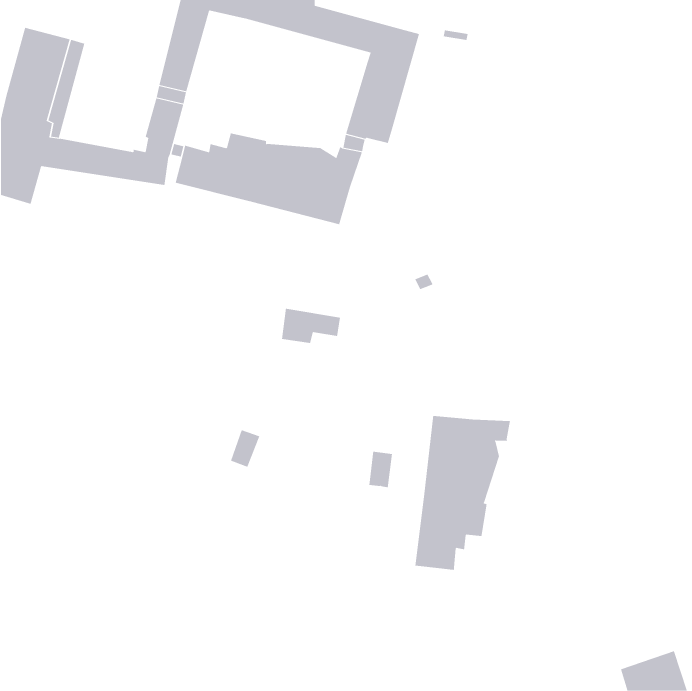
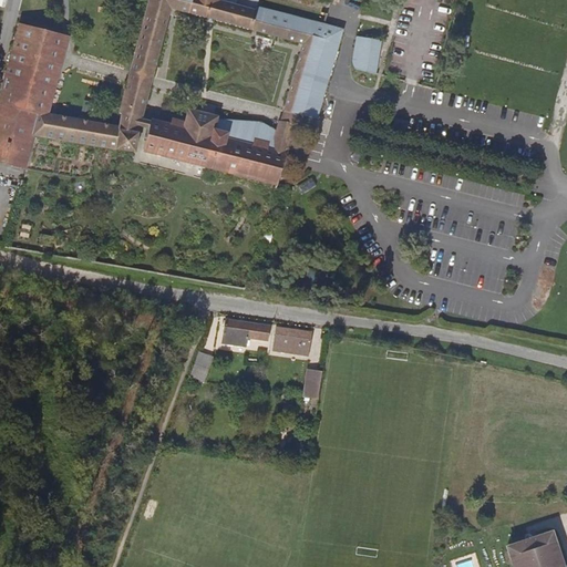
building: none -> [352,34,381,73]
building: [281,308,341,343] -> [220,318,269,347]
building: none -> [271,327,311,355]
building: [415,415,510,571] -> none

